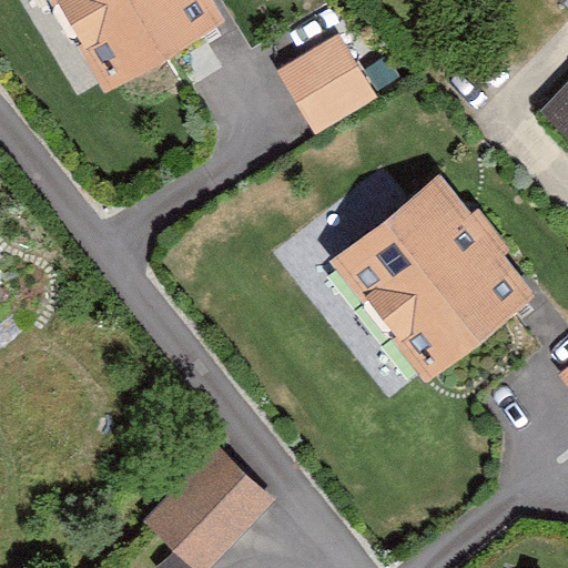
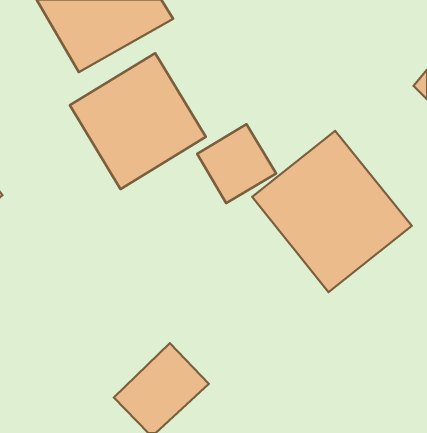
building: [274,33,377,136] -> [197,124,276,203]
building: none -> [70,53,206,189]

